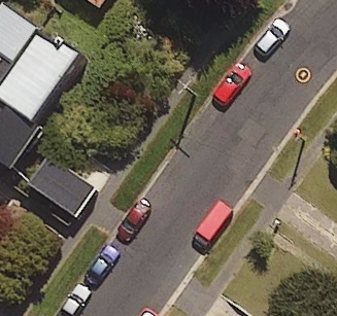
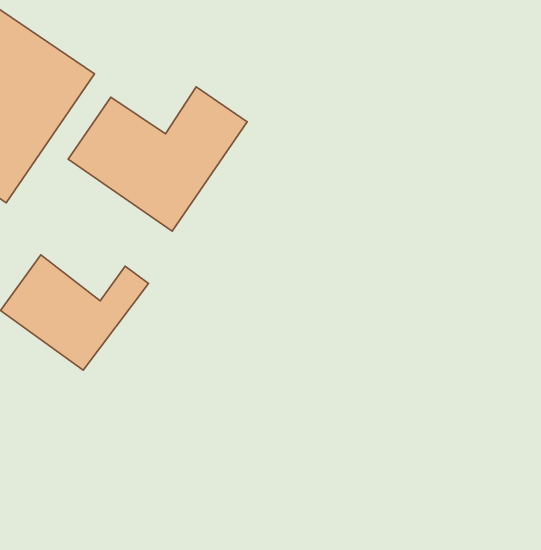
building: none -> [68,87,247,231]

